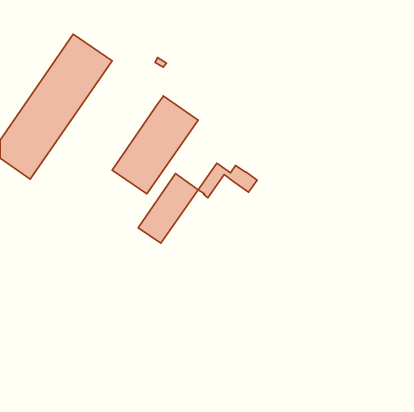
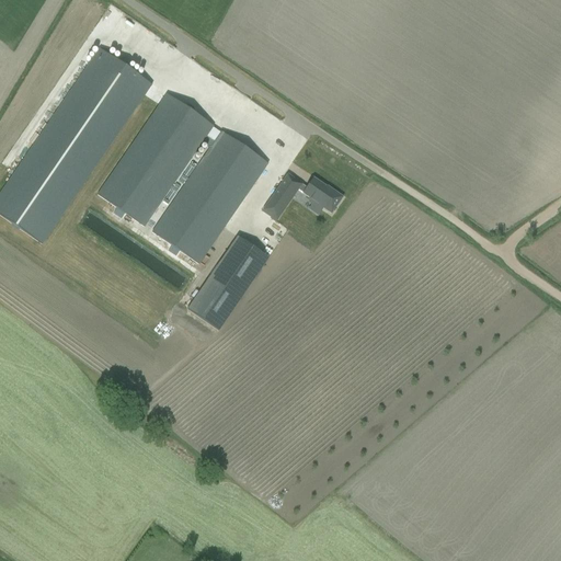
building: none -> [98,92,221,225]
building: [198,163,257,198] -> [263,172,343,219]

